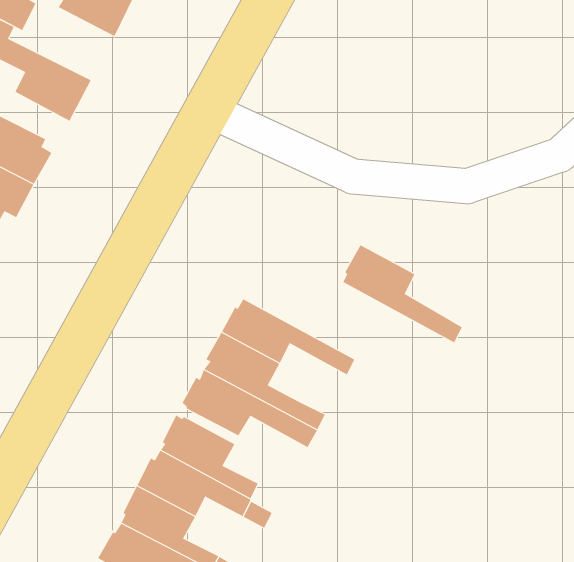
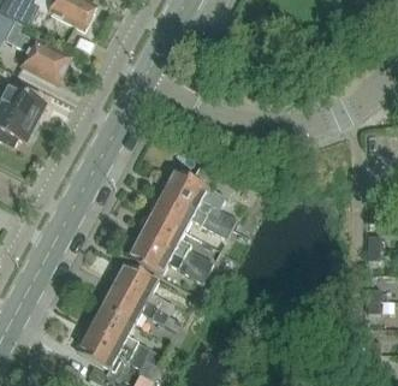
building: [342,245,462,343] -> [164,167,237,227]

